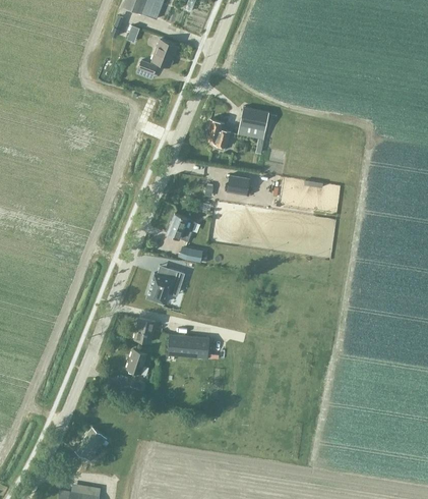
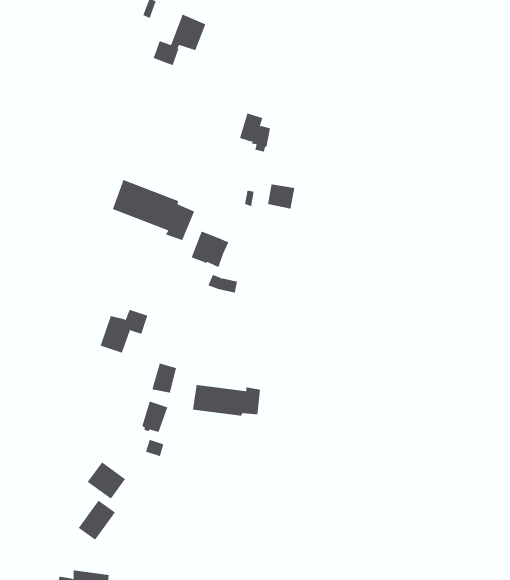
building: [238,107,269,138] -> none
building: none -> [112,179,195,241]
building: [145,268,184,303] -> [100,309,148,354]
building: none -> [87,462,126,500]

